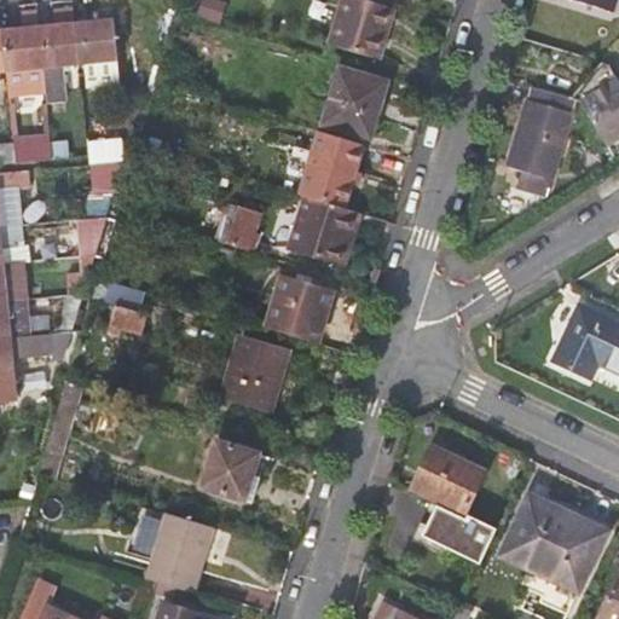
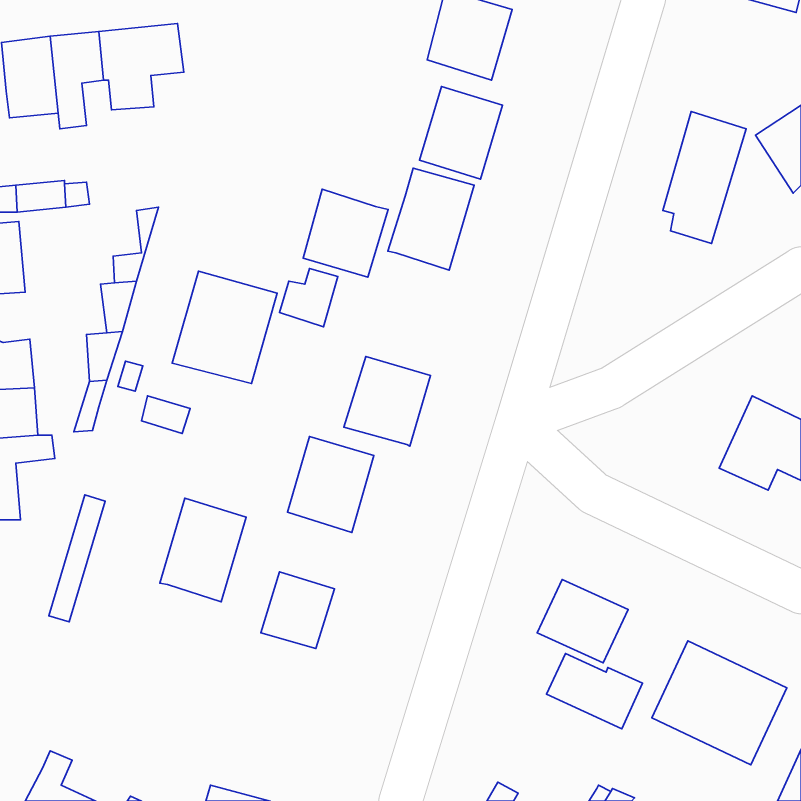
building: [290,195,355,262] -> [303,189,388,277]
building: none -> [172,271,277,384]
building: [146,511,213,591] -> [160,498,246,602]

